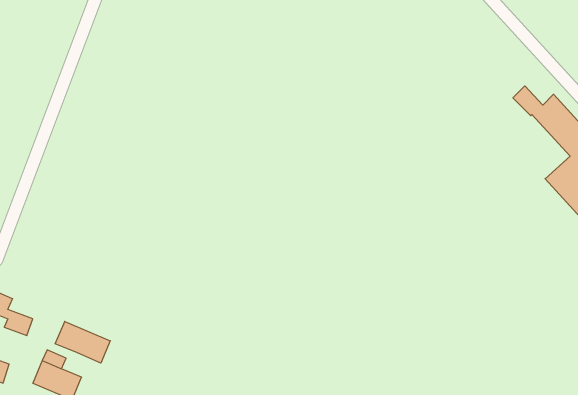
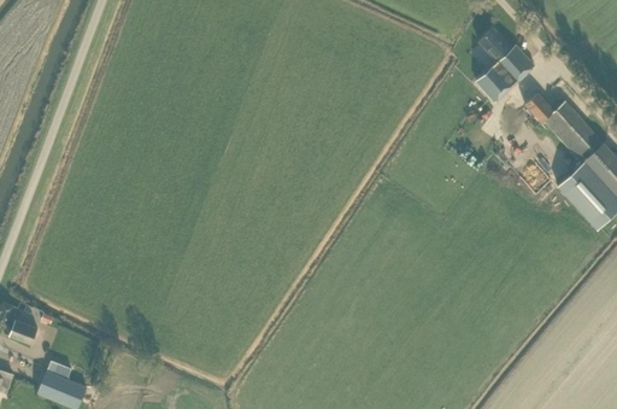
building: none -> [476,29,534,103]
building: [55,321,110,363] -> none

